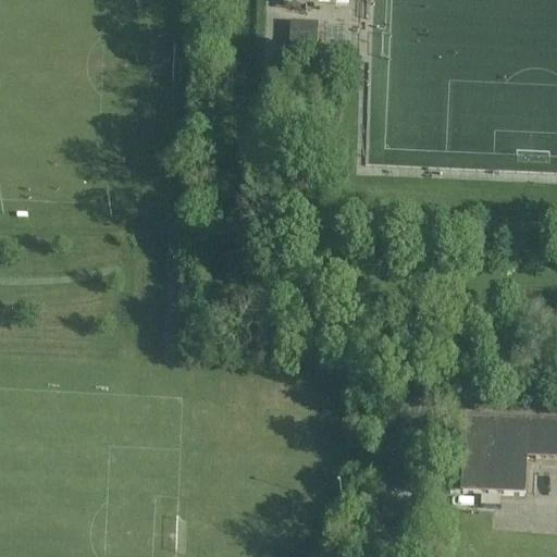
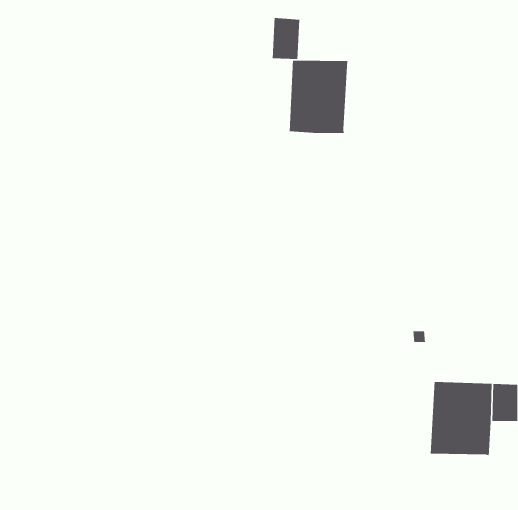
building: none -> [289,60,348,134]

